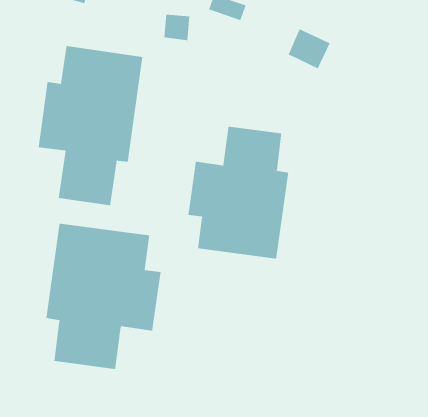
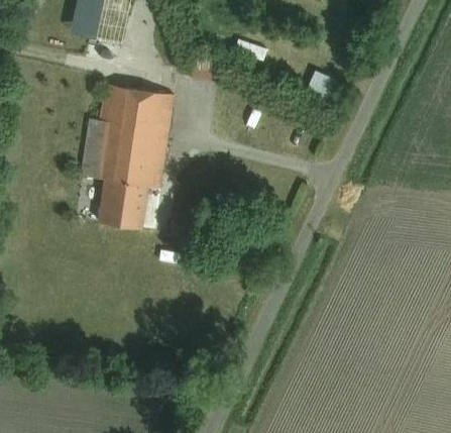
building: [188,126,289,259] -> none
building: [46,223,161,370] -> none

